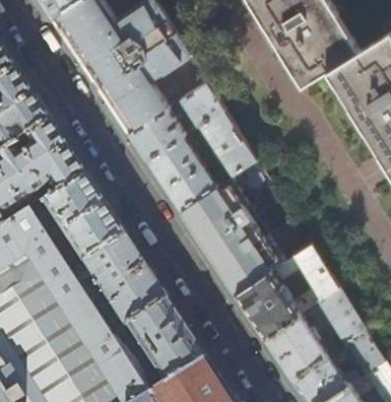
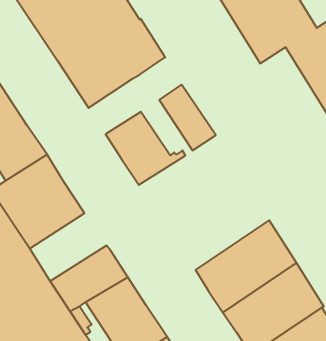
building: [180,83,222,127] -> none
building: [128,105,184,160] -> none
building: [179,179,285,296] -> none
building: [69,240,146,308] -> none

